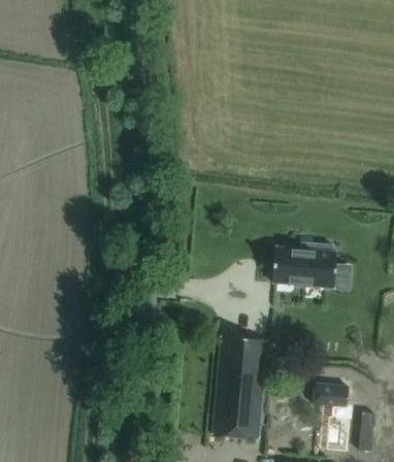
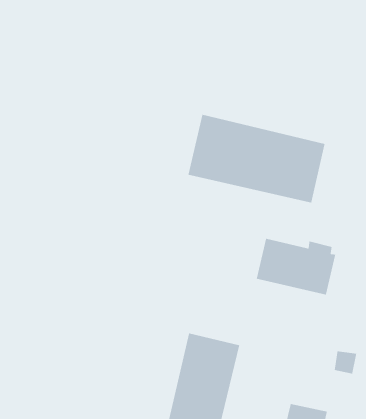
building: none -> [188,114,326,203]

